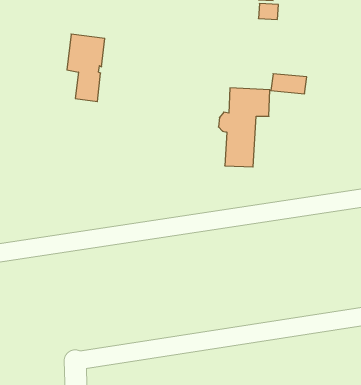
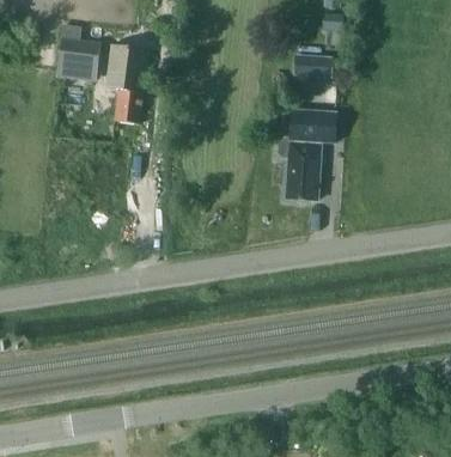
building: none -> [59,38,100,68]
building: [271,74,307,94] -> [292,54,333,77]

